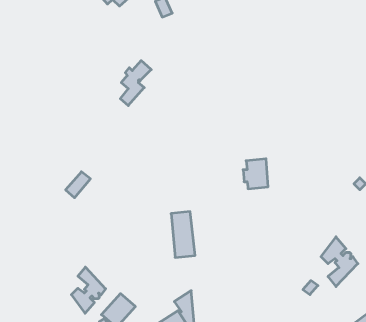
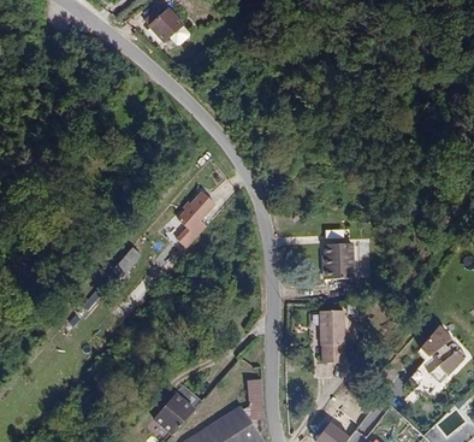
building: [120,61,151,106] -> [178,191,215,246]
building: [171,212,195,257] -> [315,300,344,355]
building: [71,267,106,313] -> none

